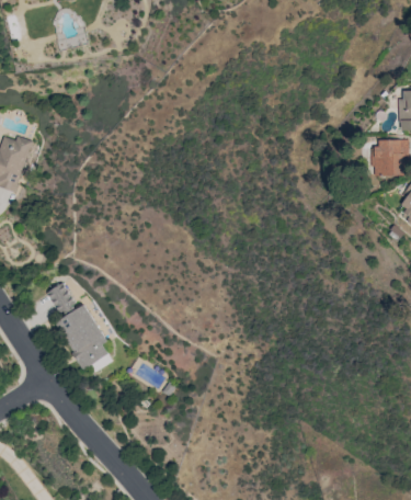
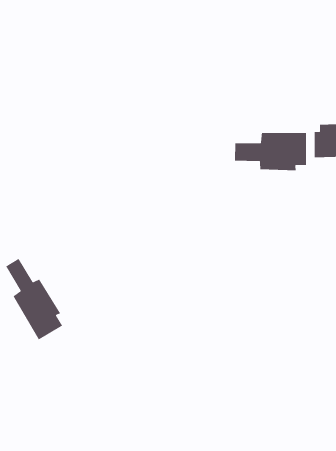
building: none -> [234,132,307,171]

